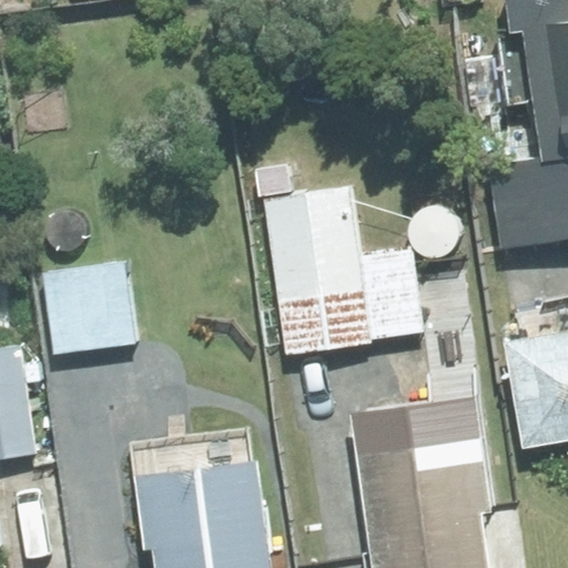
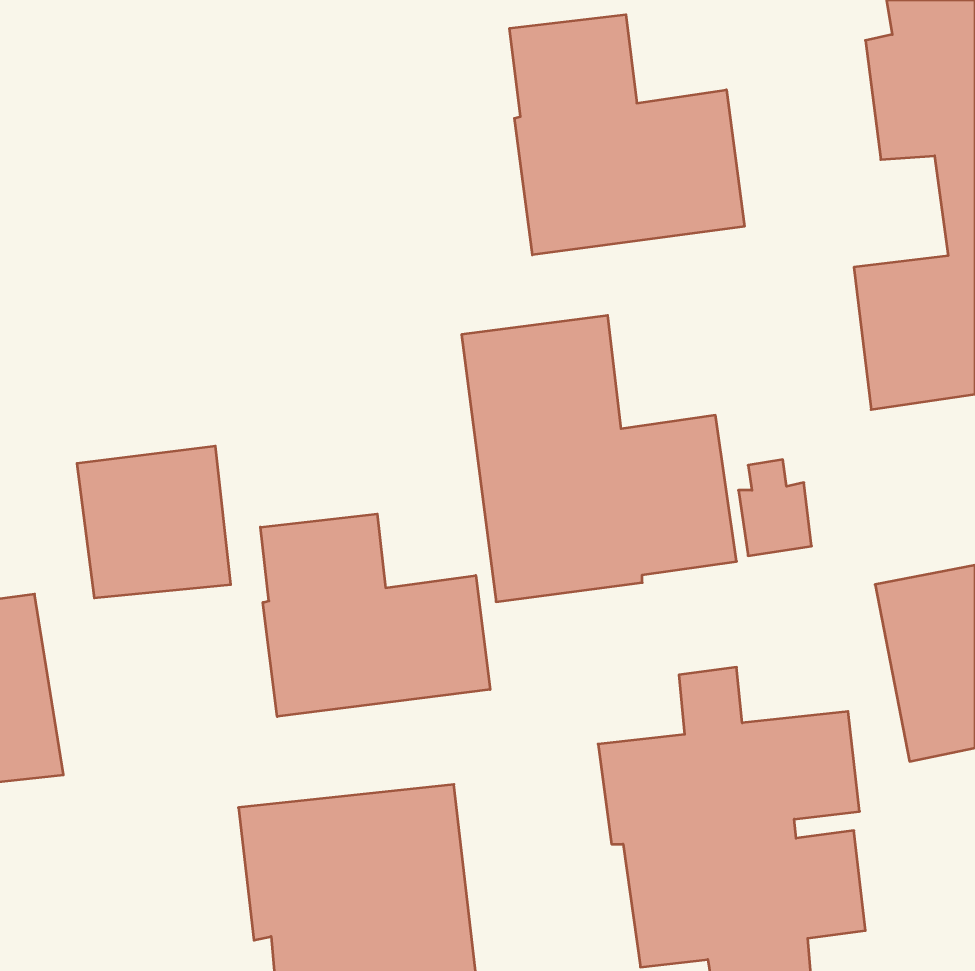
building: none -> [510,15,744,255]
building: none -> [260,514,490,717]

